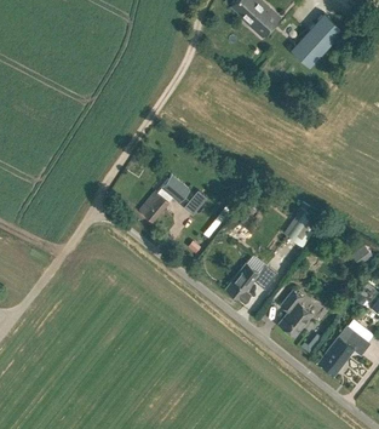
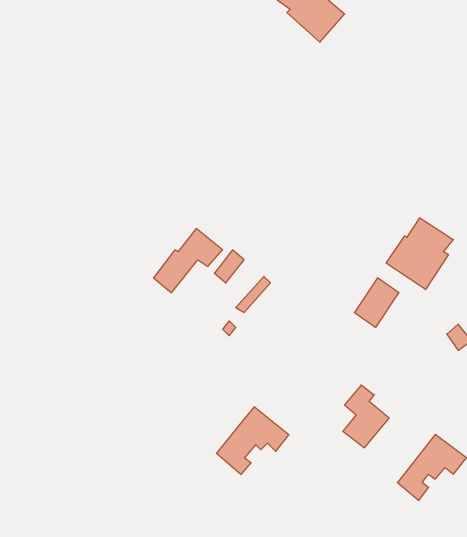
building: [291,13,343,67] -> none
building: none -> [386,218,453,290]
building: [225,253,278,303] -> [216,407,289,475]

